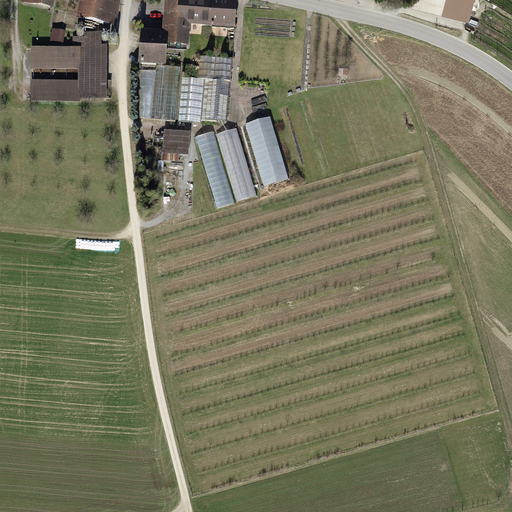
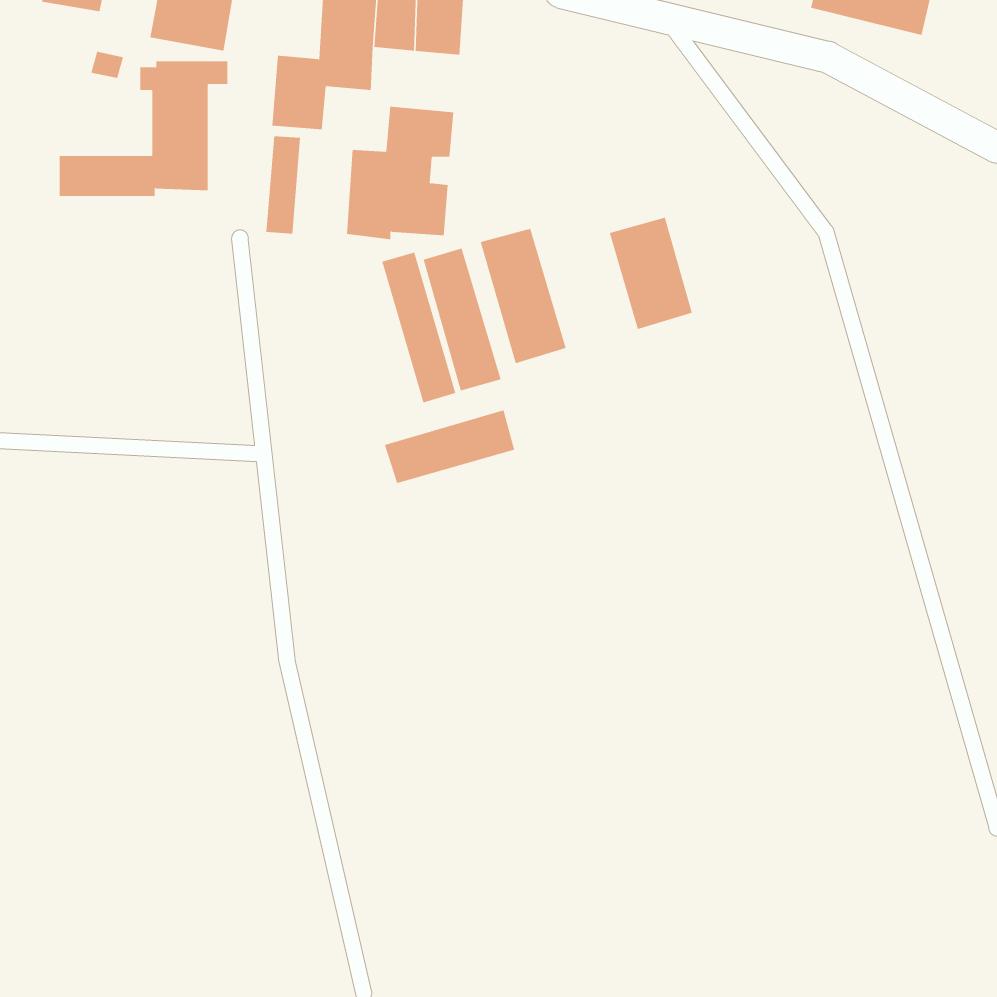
building: [30,46,77,68] -> none
building: [149,67,178,121] -> none
building: none -> [609,217,692,330]
building: [160,128,189,161] -> none
building: none -> [384,410,515,484]

